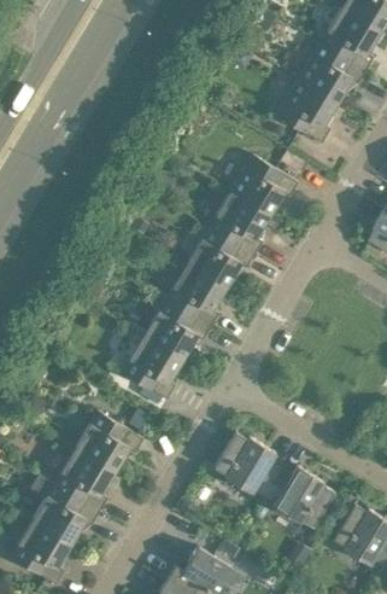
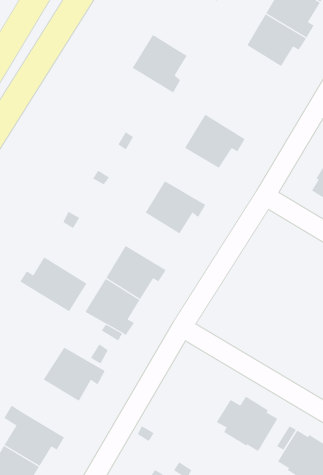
building: [275,80,336,145] -> [132,34,188,93]
building: [207,193,268,256] -> none
building: [164,264,224,328] -> none
building: none -> [19,257,87,312]
building: [213,433,280,496] -> none
building: [52,449,113,513] -> none

